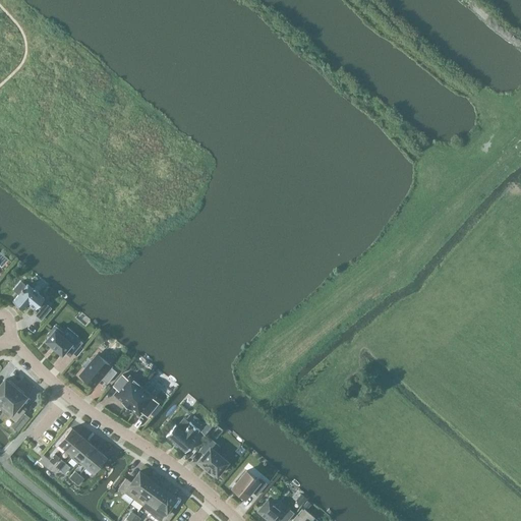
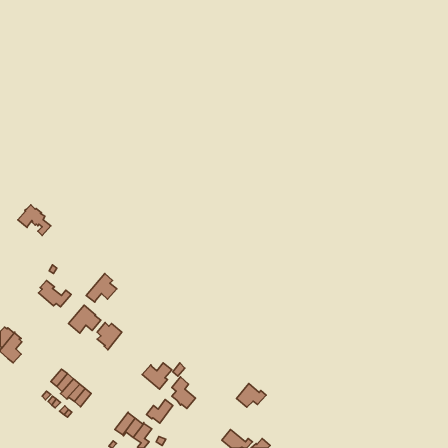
building: [12,284,51,320] -> [18,205,51,236]
building: none -> [86,273,117,302]
building: [125,386,162,416] -> none
building: [232,470,267,498] -> [236,384,266,407]
building: [118,471,149,499] -> [147,399,173,423]

